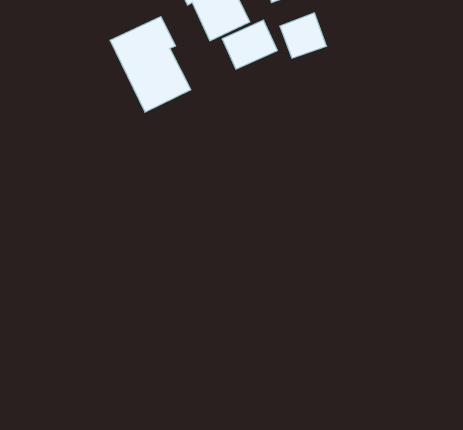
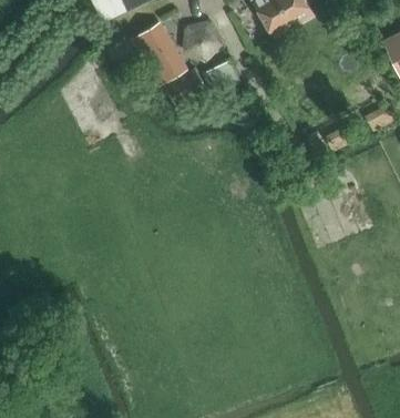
building: [110,17,191,112] -> none

